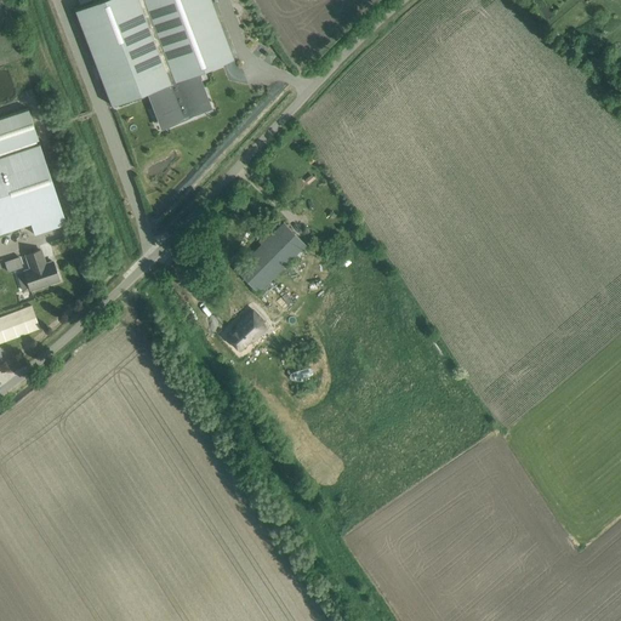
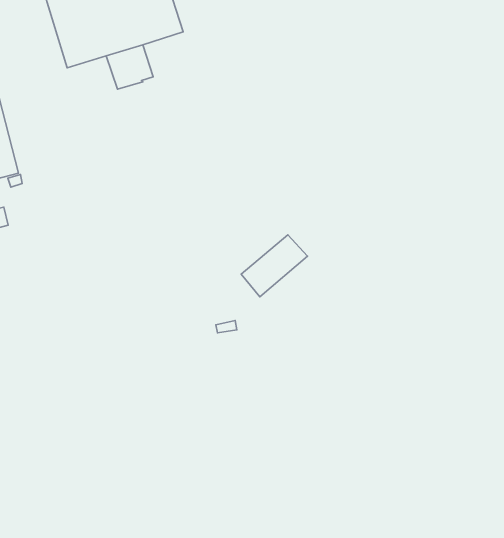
building: [237,224,307,294] -> [241,235,308,297]
building: [226,309,264,349] -> none

